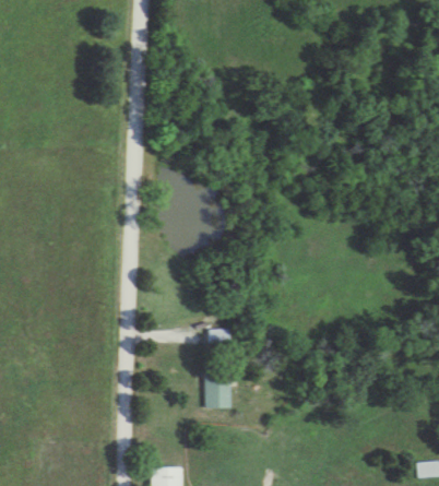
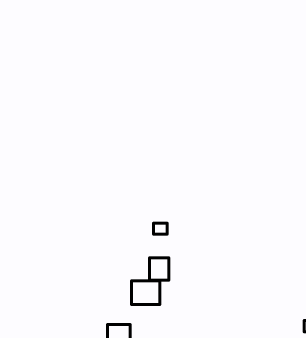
building: none -> [132,281,160,305]

